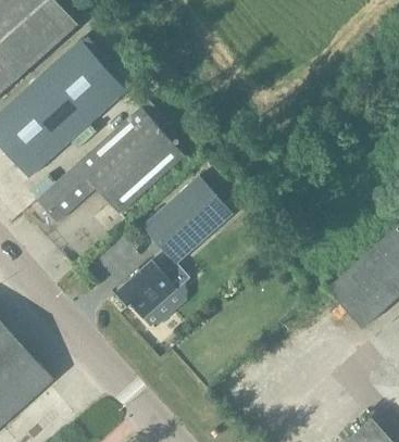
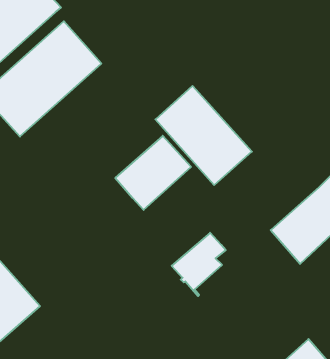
building: [37,108,184,223] -> none
building: none -> [155,86,252,185]
building: [117,251,182,326] -> [172,233,226,296]

